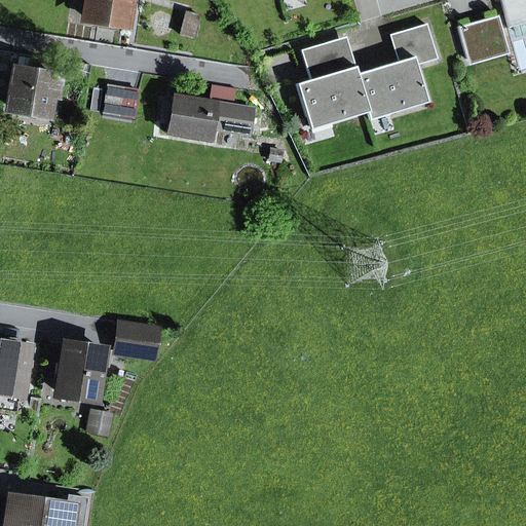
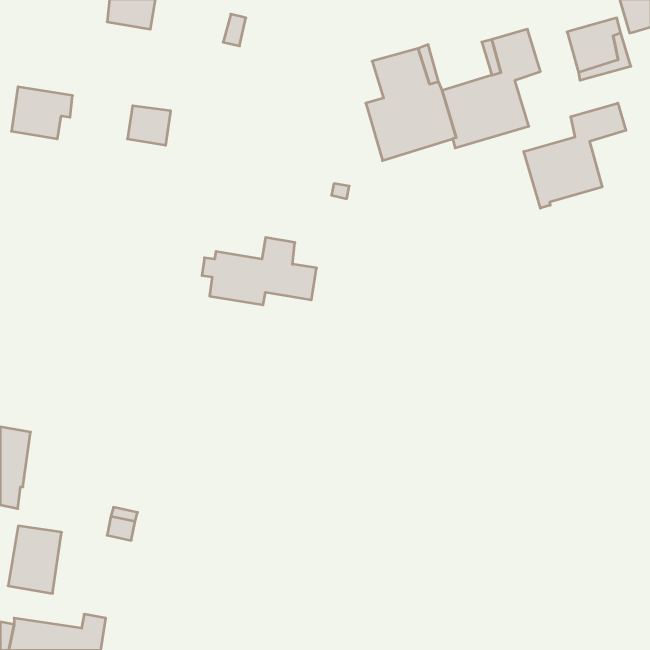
building: none -> [524,103,626,208]
building: [161,84,254,139] -> [202,237,317,305]
building: [116,324,157,358] -> none
building: [59,343,102,398] -> [8,526,62,593]

